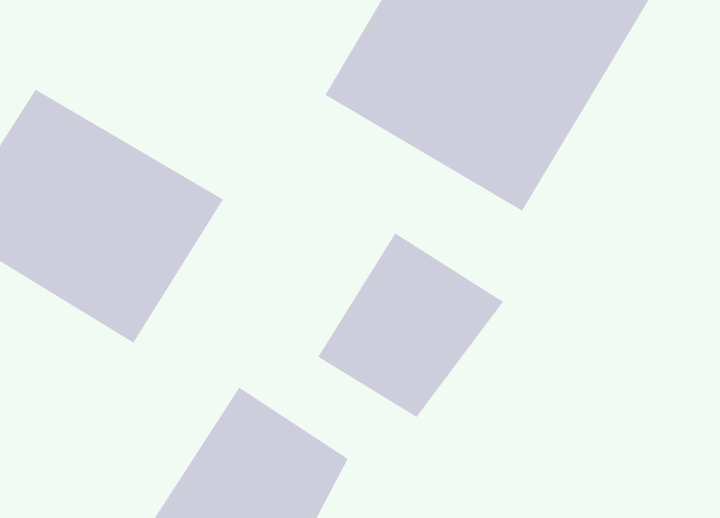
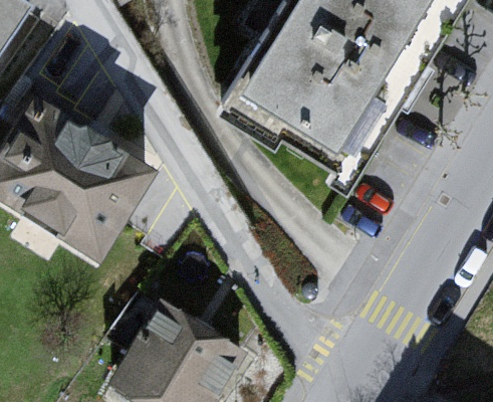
building: [317,232,504,418] -> none

